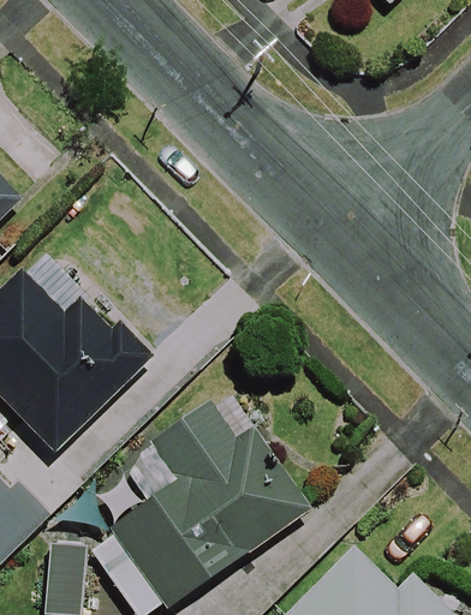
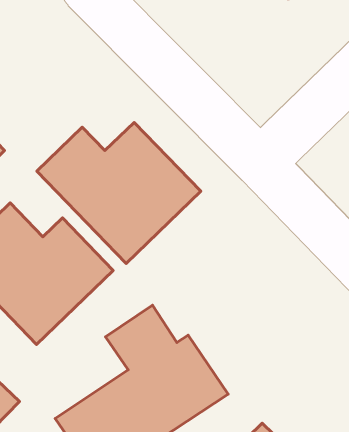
building: none -> [37,122,201,263]

